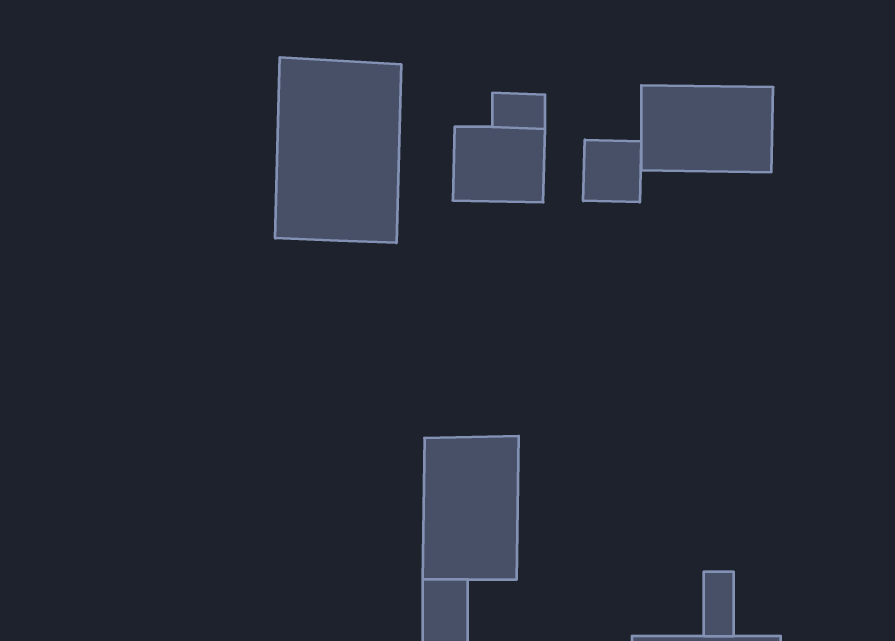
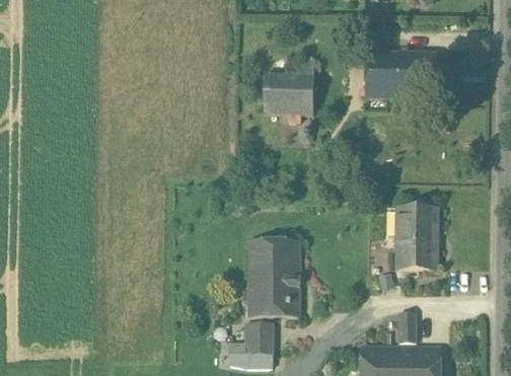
building: [275,57,401,243] -> none
building: [583,140,641,202] -> none
building: none -> [397,208,436,270]

